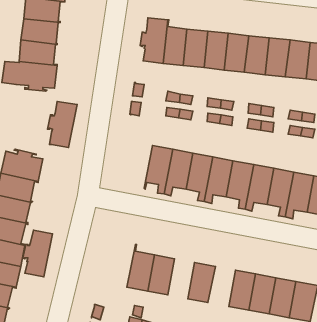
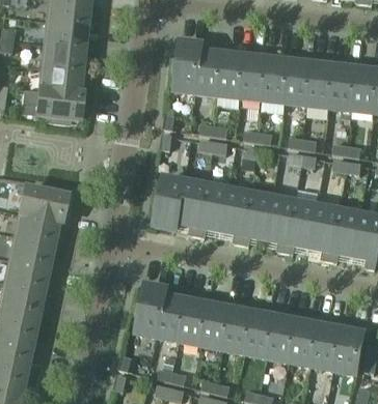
building: [48,102,77,147] -> [153,179,185,229]
building: [23,230,52,277] -> [134,286,166,337]
building: none -> [201,306,231,349]
building: none -> [245,314,275,357]

